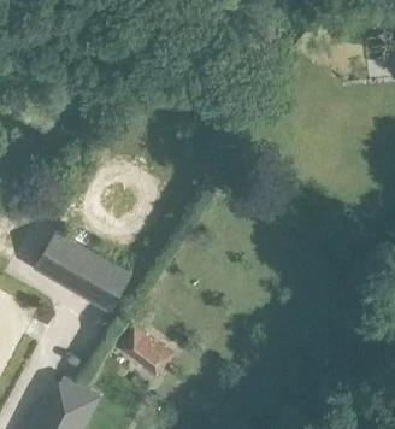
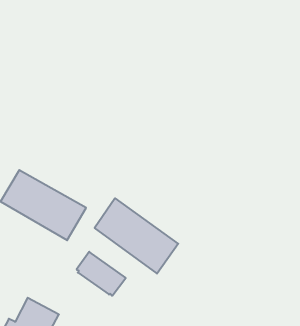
building: none -> [95,198,178,274]

